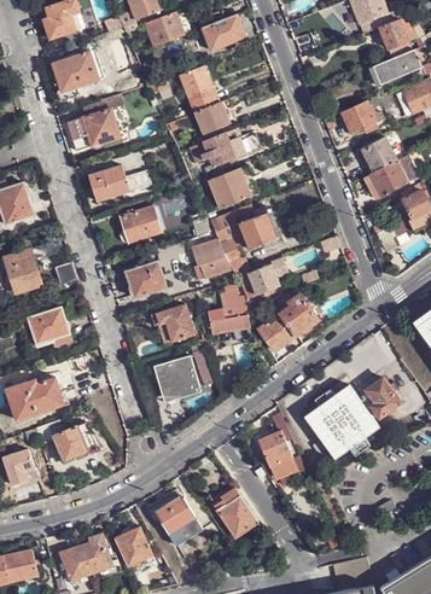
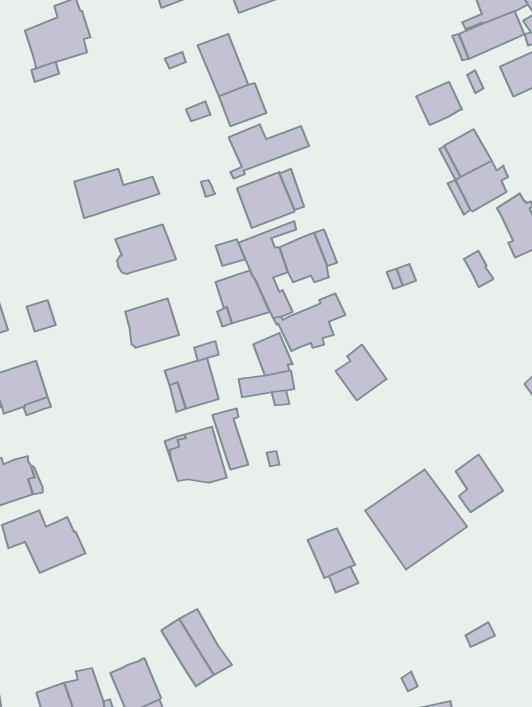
building: [69,94,120,150] -> none
building: [258,314,296,351] -> none
building: [216,494,258,536] -> none

